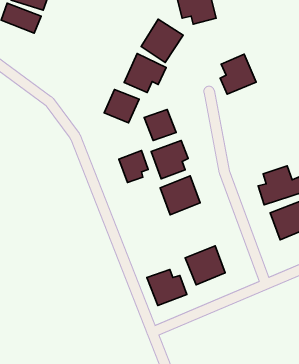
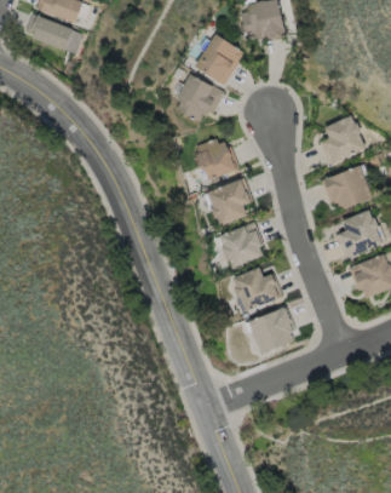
building: [220,54,256,94] -> [322,115,366,164]
building: [104,89,139,123] -> none
building: none -> [324,166,373,212]
building: [119,151,148,182] -> none
building: [147,269,187,305] -> [231,268,280,311]

